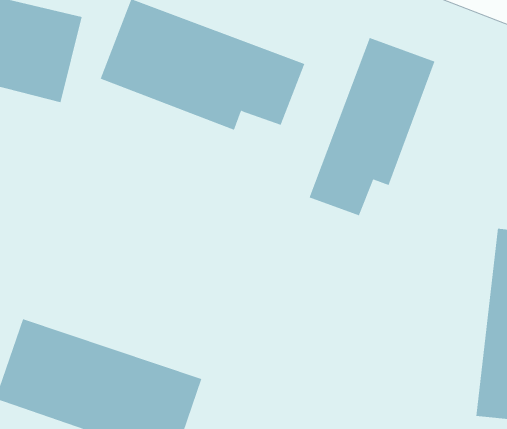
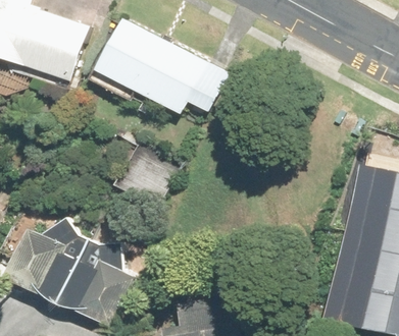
building: [309,37,435,216] -> none

